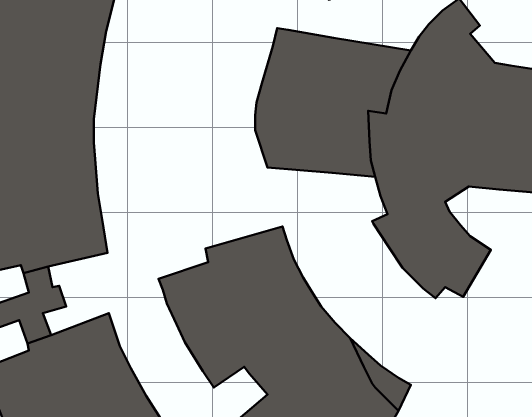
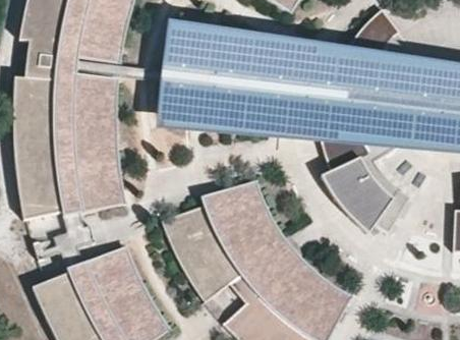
building: none -> [160,20,250,135]

